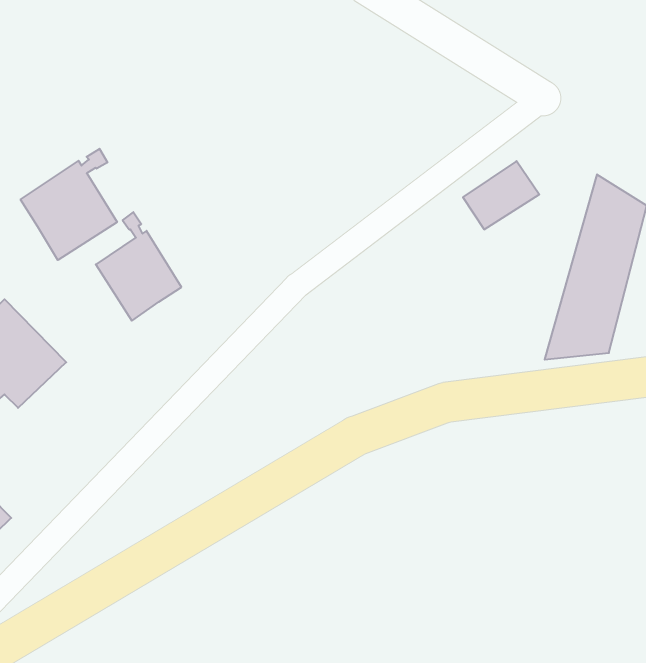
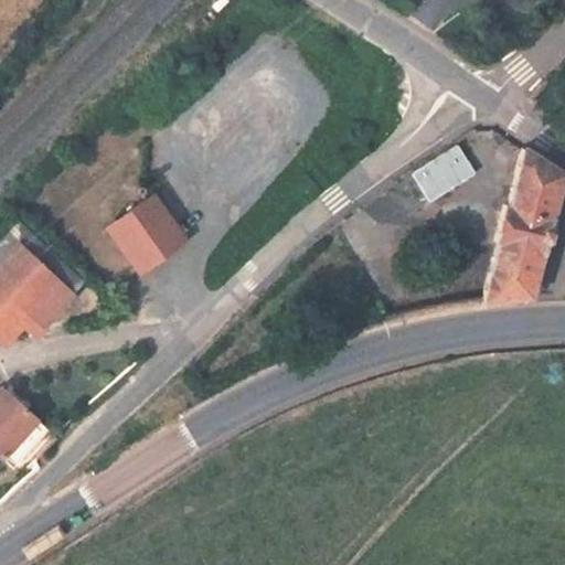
building: [21,149,117,260] -> none

